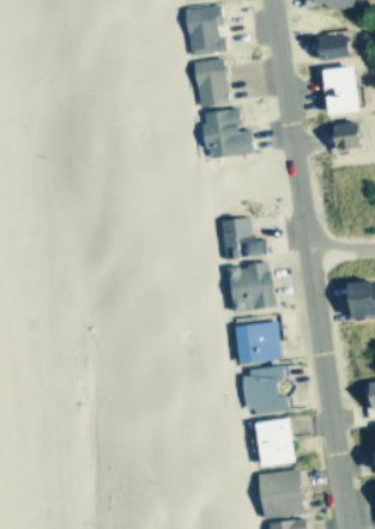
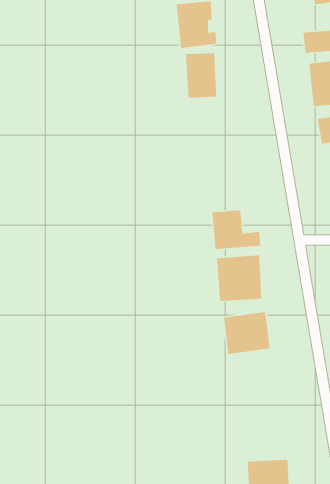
building: [201,108,254,159] -> none
building: [243,367,289,414] -> none
building: [255,419,295,467] -> none

